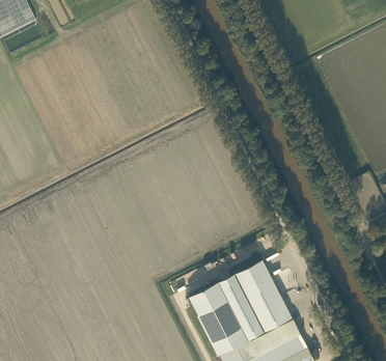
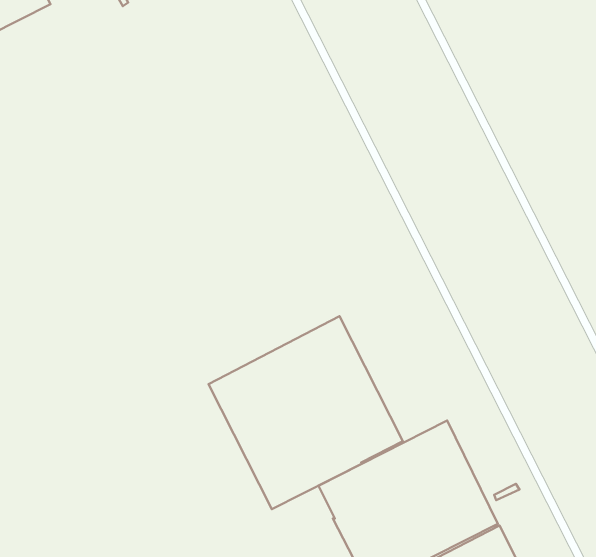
building: none -> [208,316,403,509]

